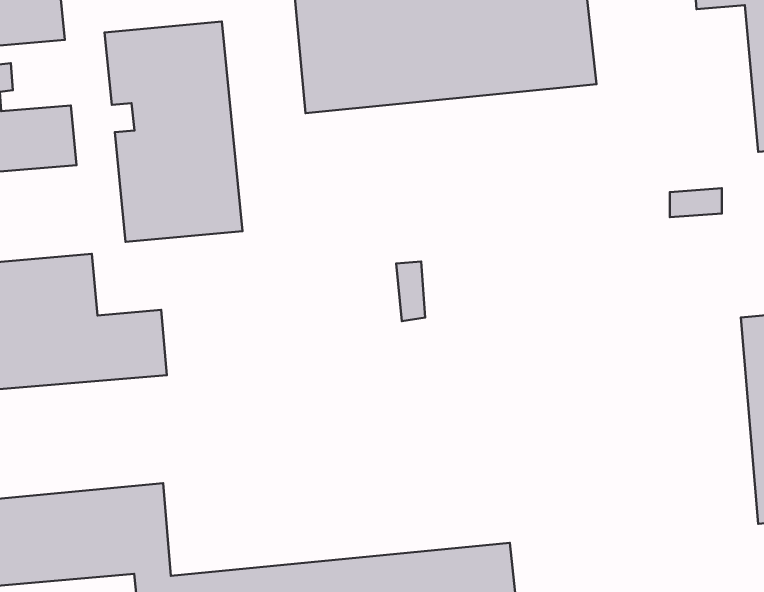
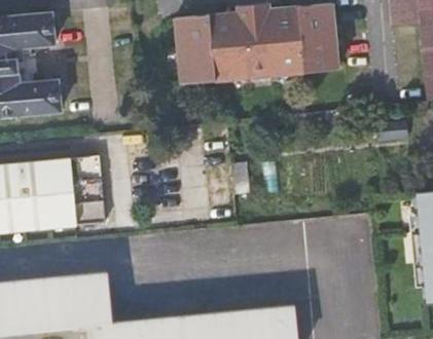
building: [105,22,243,242] -> none

